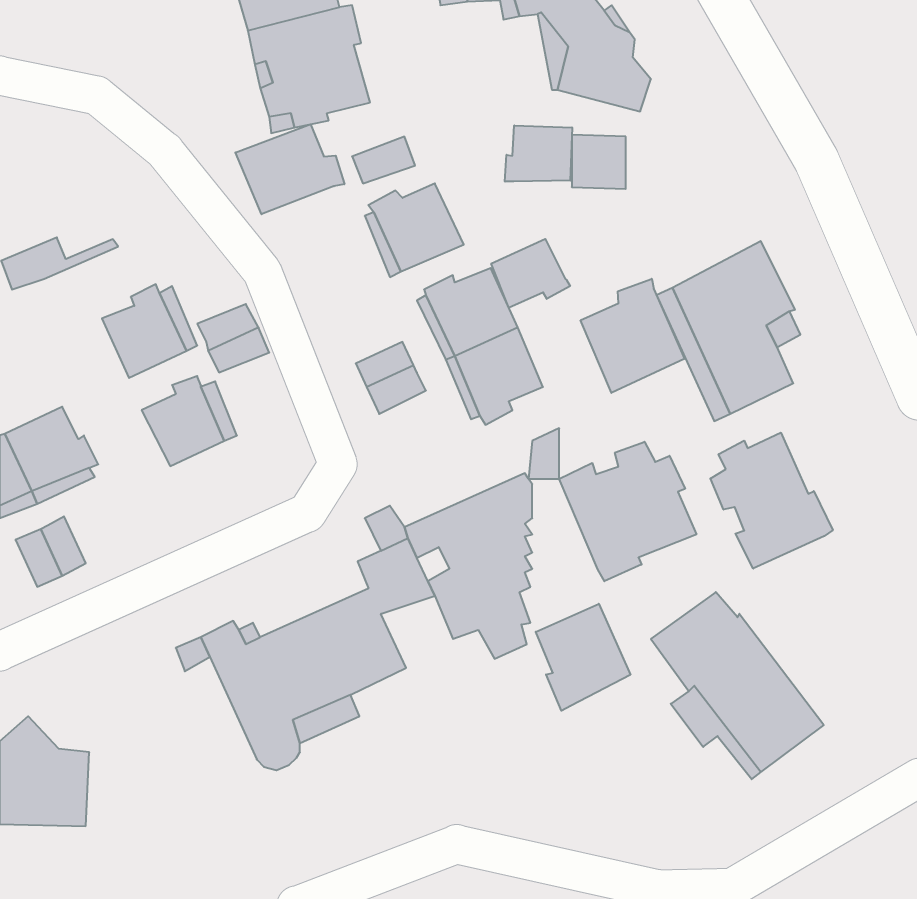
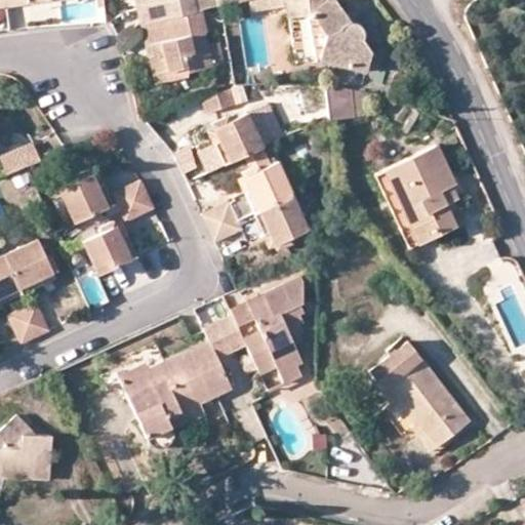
building: [235,124,344,214] -> none
building: [505,125,572,182] -> none
building: [491,239,570,308] -> none
building: [581,279,684,393] -> none
building: [710,433,833,569] -> none
building: [559,442,696,581] -> none
building: [536,604,630,711] -> none

